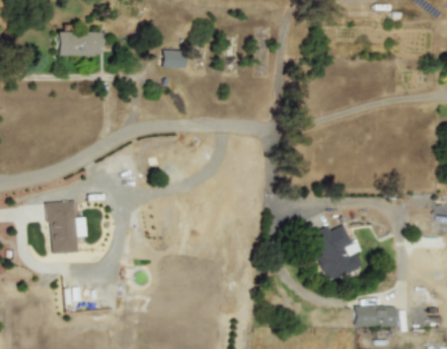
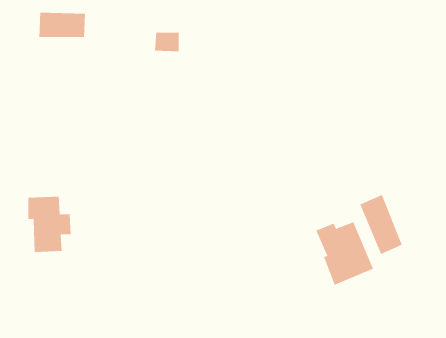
building: none -> [360,194,402,255]
building: [355,305,397,327] -> none

